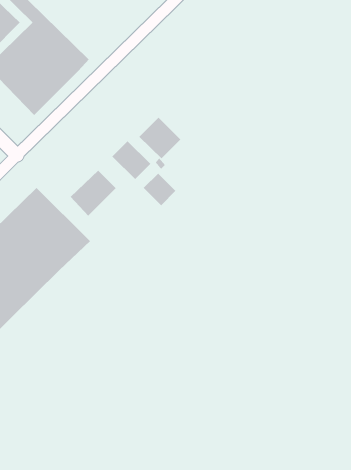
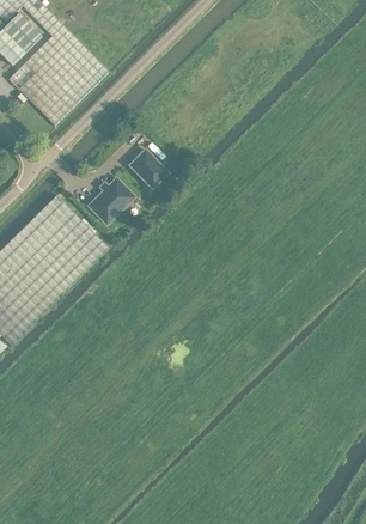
building: [139,117,181,159] -> none
building: [143,173,176,206] -> none

